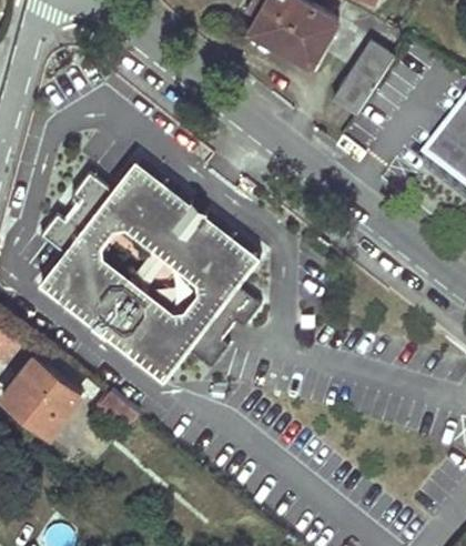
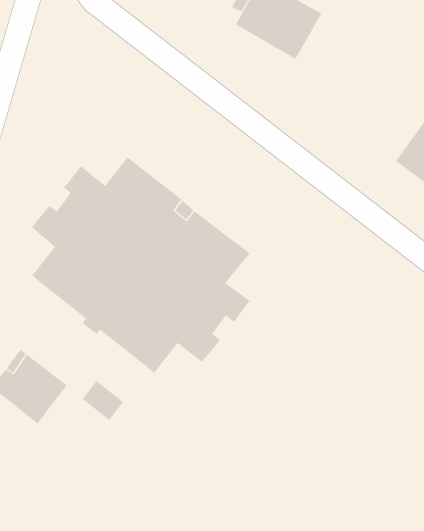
building: [332,41,397,113] -> none

